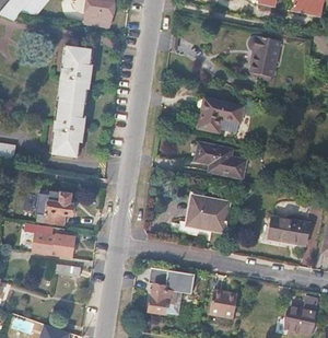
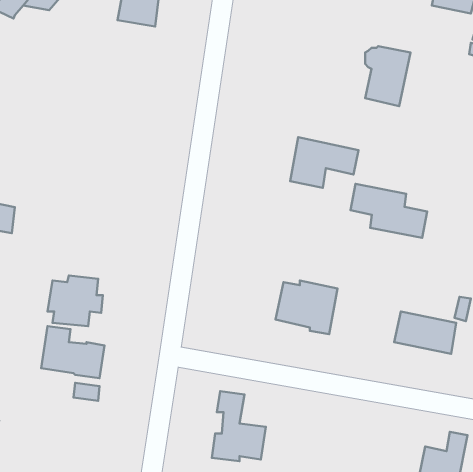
building: [52,44,92,154] -> none
building: [195,142,246,178] -> [351,184,427,238]
building: [165,271,194,294] -> none
building: [209,293,238,318] -> none

